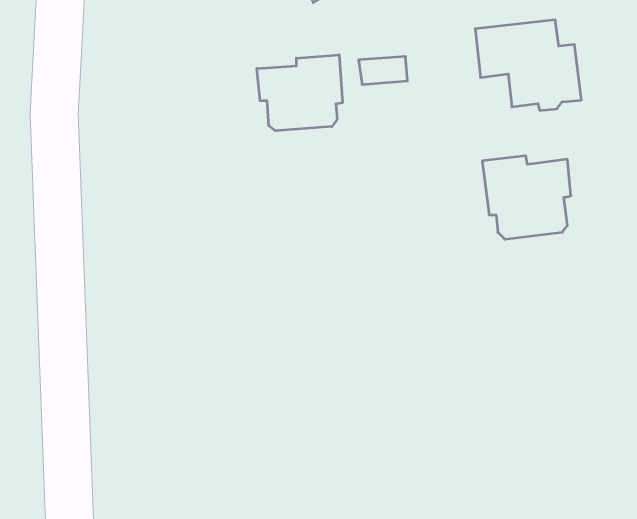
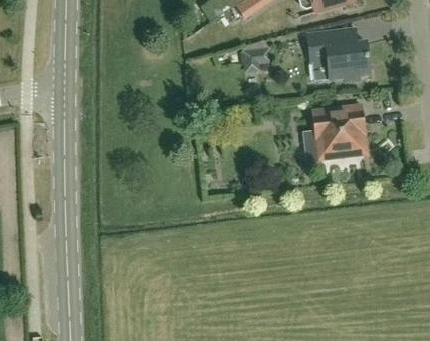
building: [257,55,342,131] -> none

